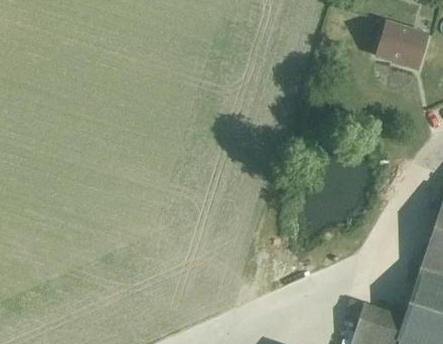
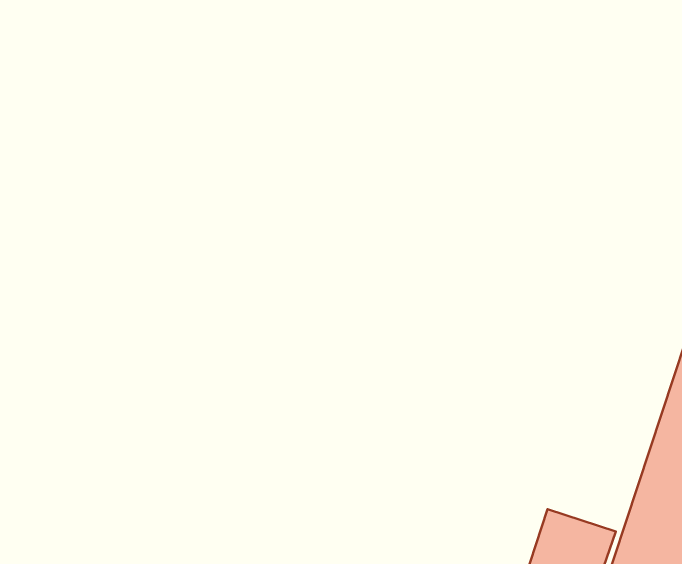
building: [375,23,427,70] -> none

